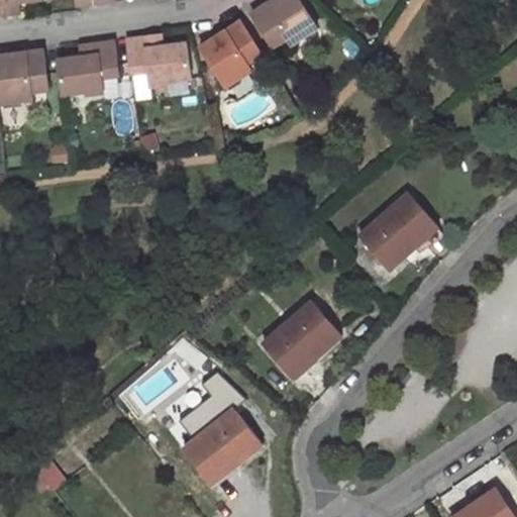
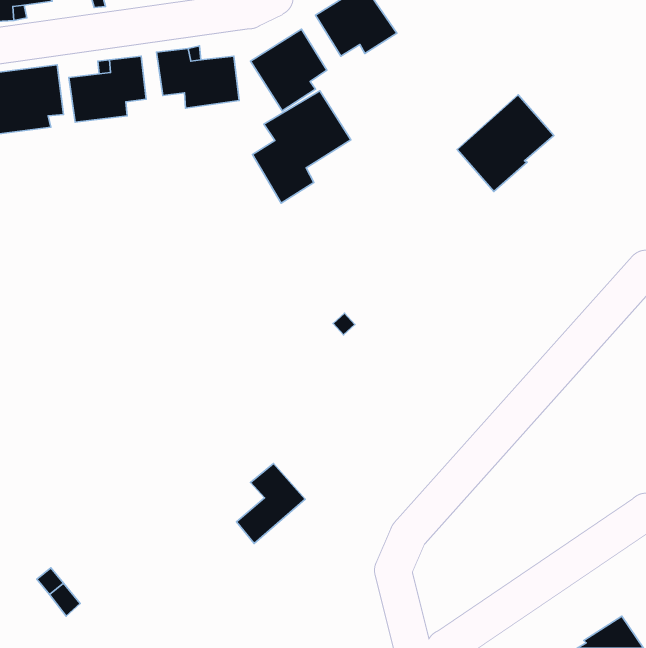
building: none -> [252,91,351,203]
building: [359,192,436,269] -> [457,95,554,191]
building: [262,300,340,376] -> none
building: [183,409,261,482] -> none

